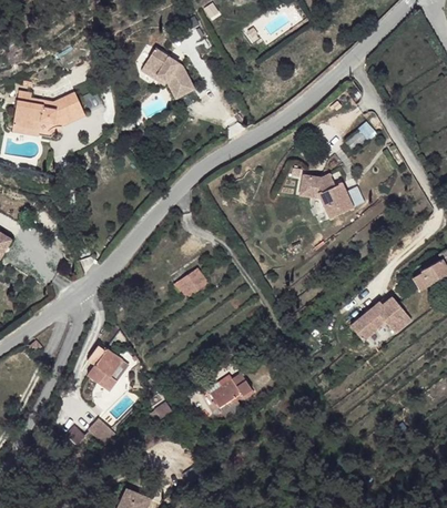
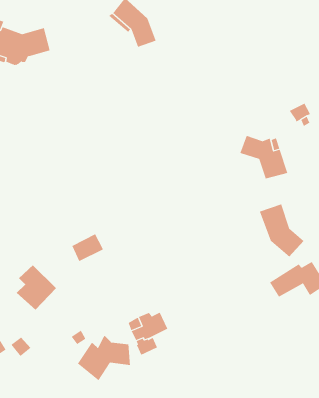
building: none -> [259,204,305,258]
building: [173,267,207,299] -> [72,234,104,262]
building: none -> [77,335,131,381]

